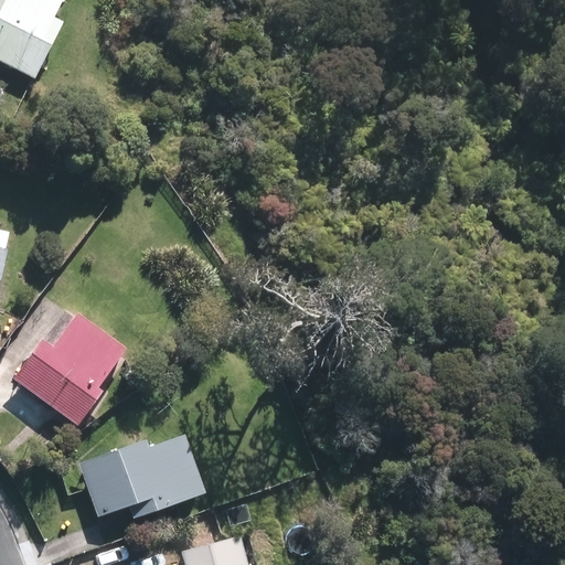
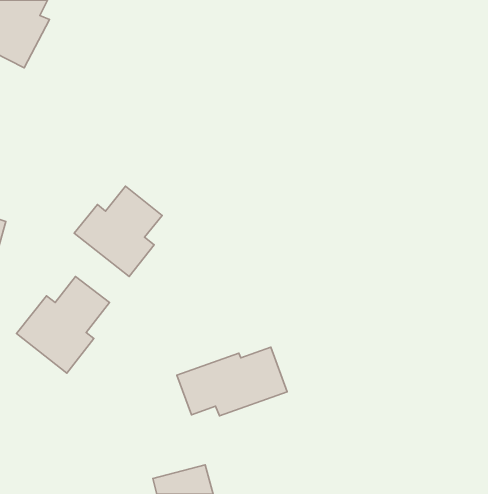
building: none -> [74,186,162,277]
building: [81,437,206,515] -> [177,347,287,416]

